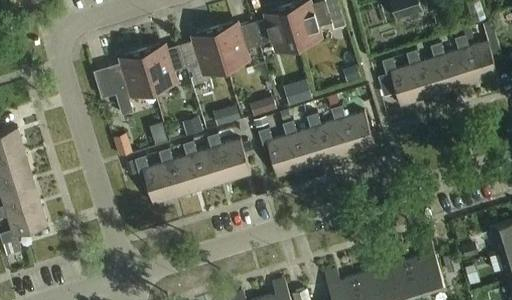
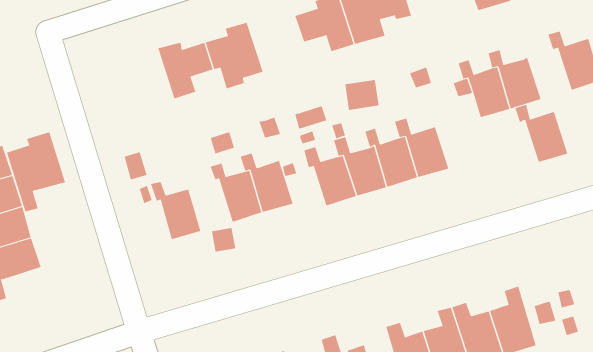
building: [212,22,257,68] -> none
building: [429,43,472,90] -> [514,104,568,163]
building: [105,49,153,114] -> [6,131,66,212]
building: [157,148,200,196] -> none

